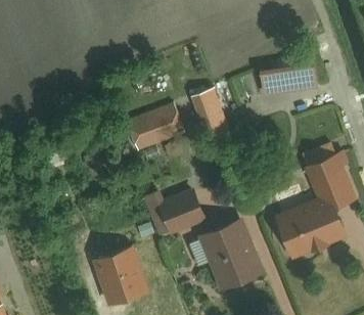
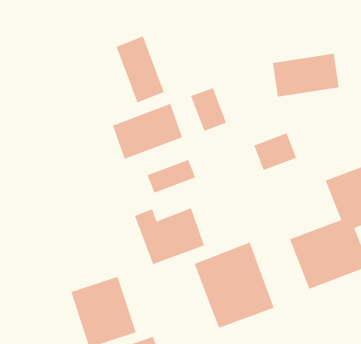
building: none -> [116,36,164,103]
building: none -> [254,132,297,171]
building: none -> [147,159,196,194]

